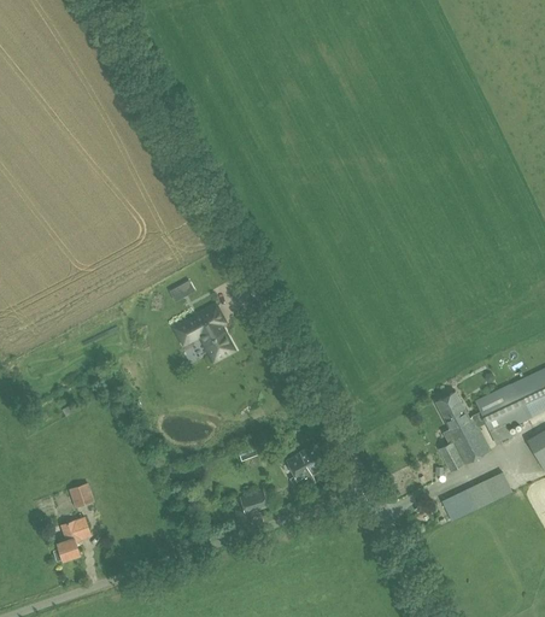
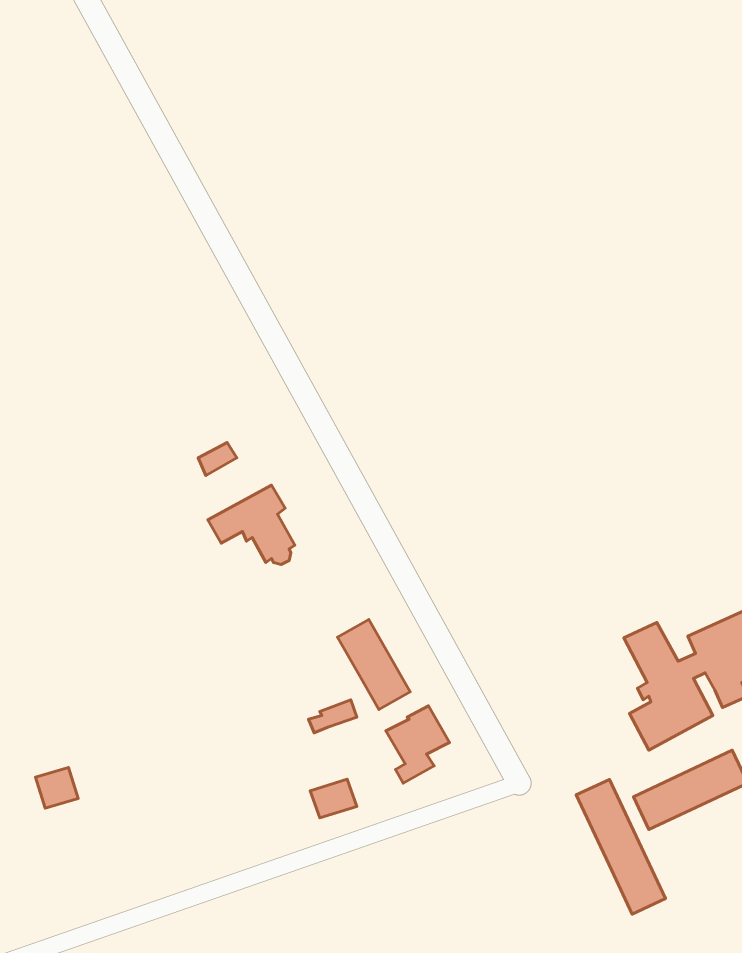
building: none -> [337,619,410,710]
building: none -> [576,779,665,914]
building: [53,516,93,562] -> none

